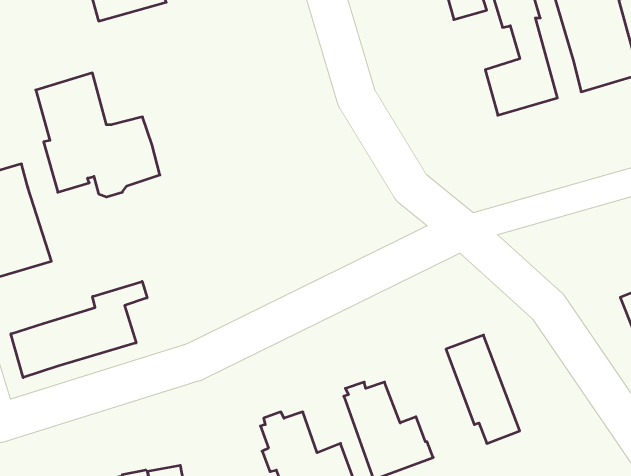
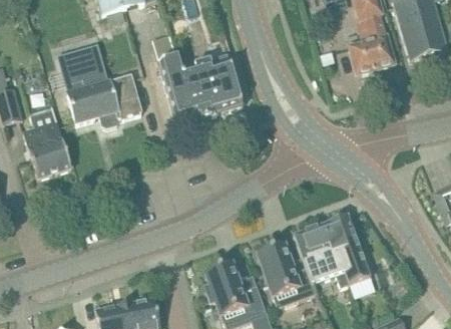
building: none -> [159,54,243,122]
building: [11,281,147,378] -> none
building: none -> [294,224,350,287]

